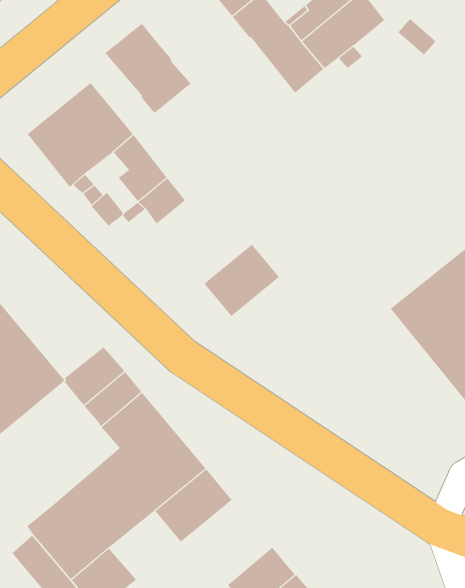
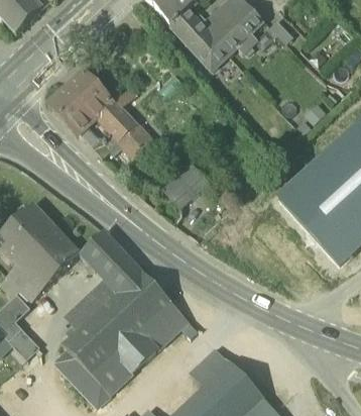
building: [105,23,192,114] -> none
building: none -> [64,279,117,331]
building: none -> [115,330,158,373]

